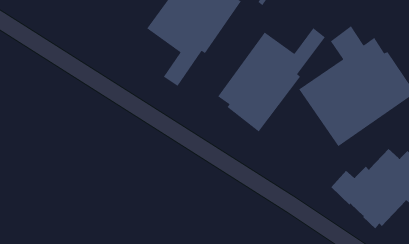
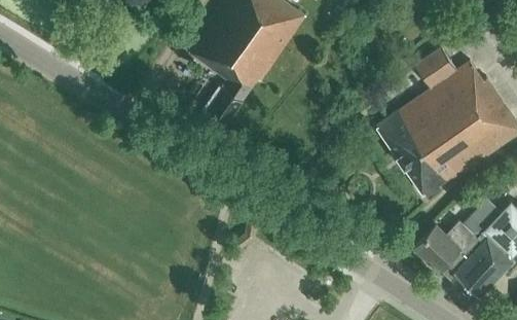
building: [217,27,326,133] -> none

